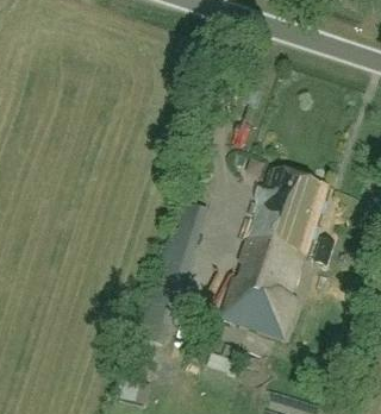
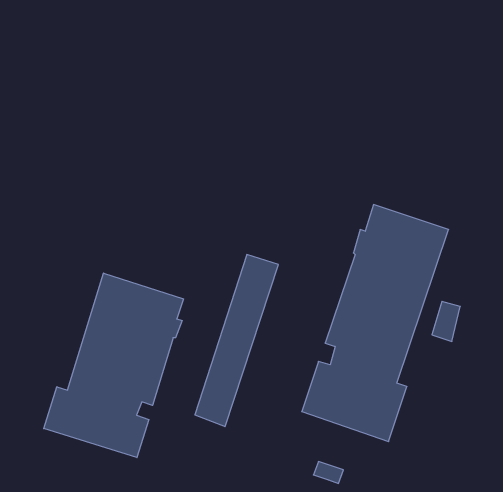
building: none -> [44,273,184,458]

